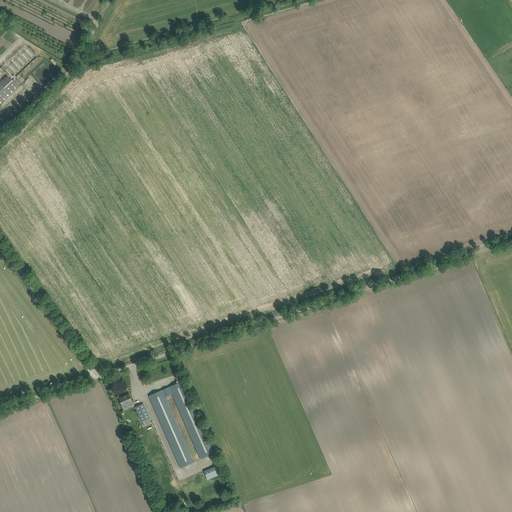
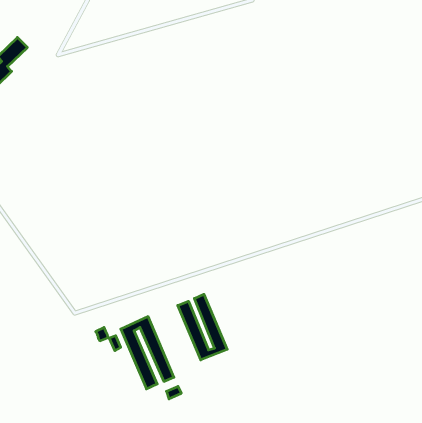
building: none -> [178,294,227,360]

